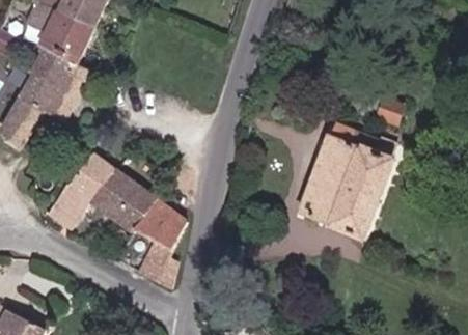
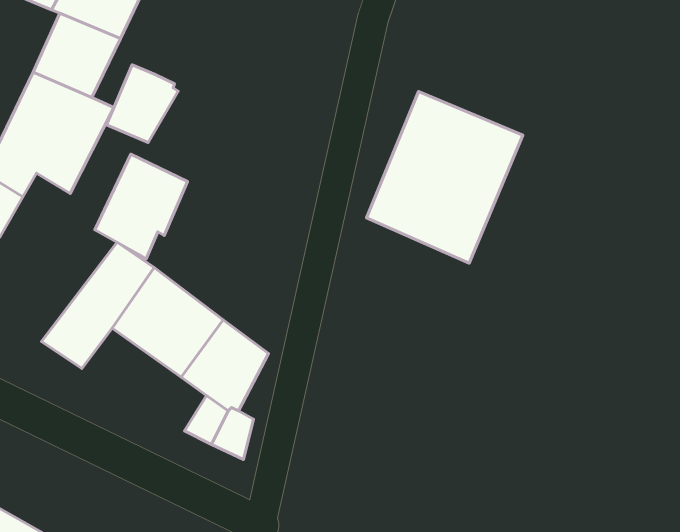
building: none -> [106,65,178,143]
building: none -> [95,154,188,259]
building: [298,138,394,244] -> [366,91,523,263]

